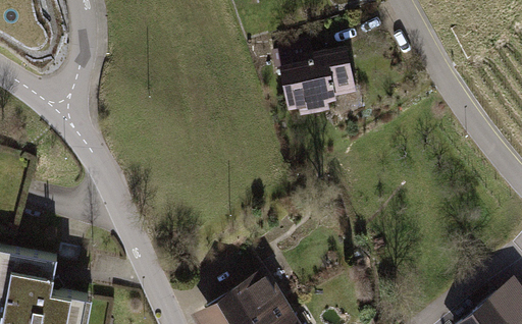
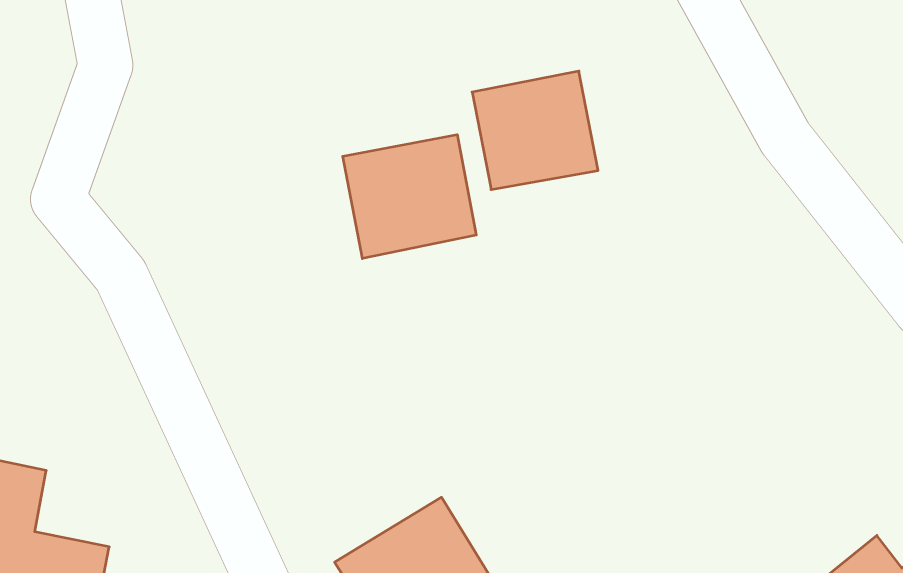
building: none -> [343,135,476,259]

